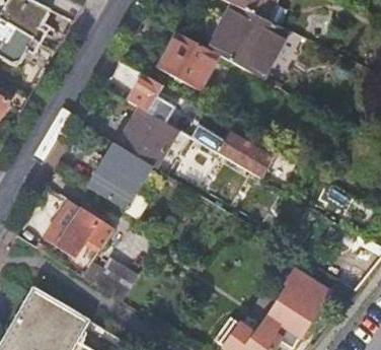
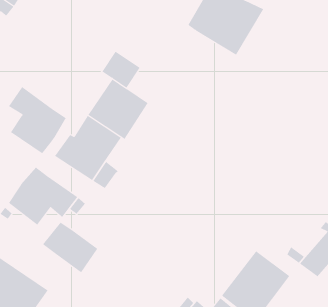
building: [160,31,219,89] -> none
building: none -> [8,86,66,154]
building: [193,124,274,178] -> none

